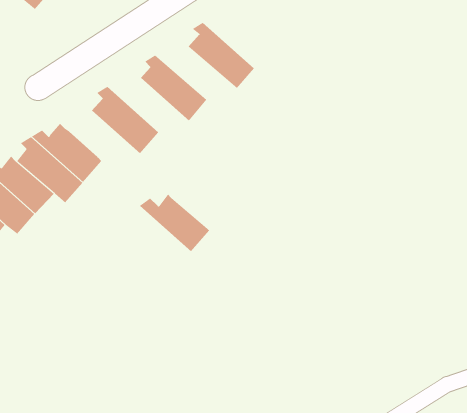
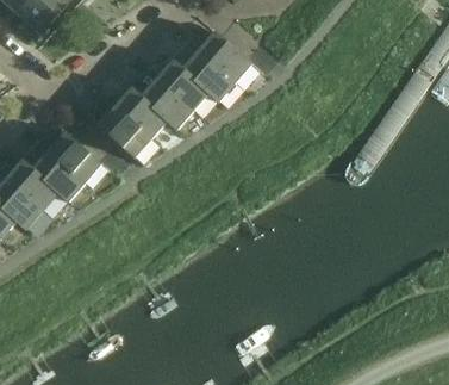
building: none -> [189,31,252,82]
building: none -> [148,60,210,110]
building: [139,194,210,252] -> [106,87,168,138]

